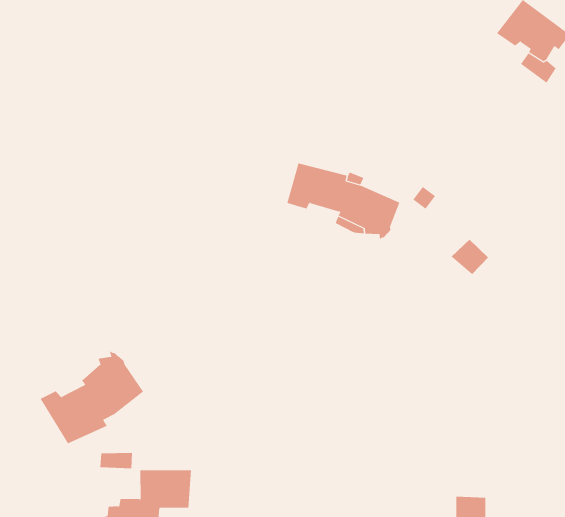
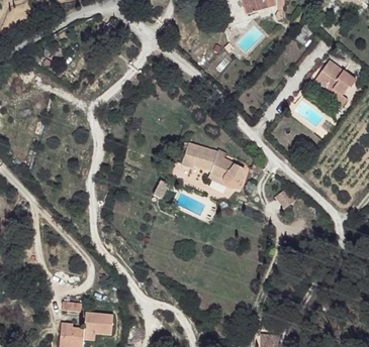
building: [40,350,144,444] -> none

